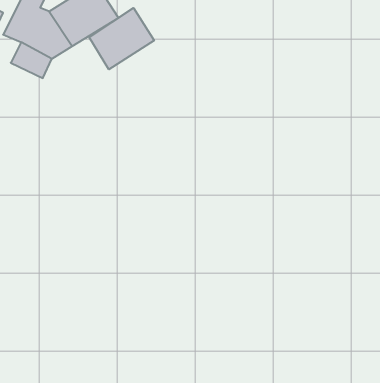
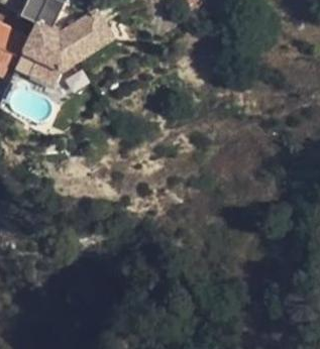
building: [89,8,154,69] -> none

